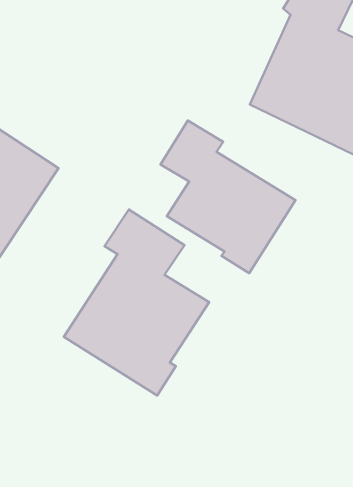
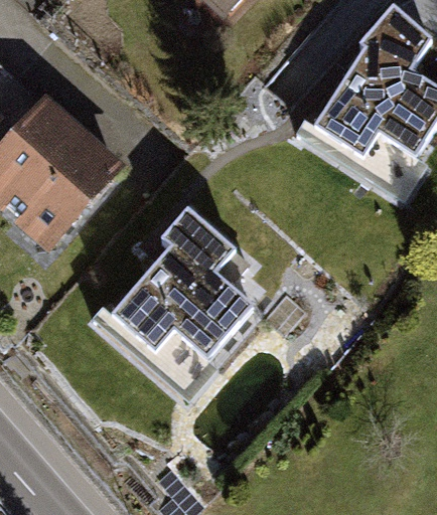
building: [161,120,295,273] -> none

